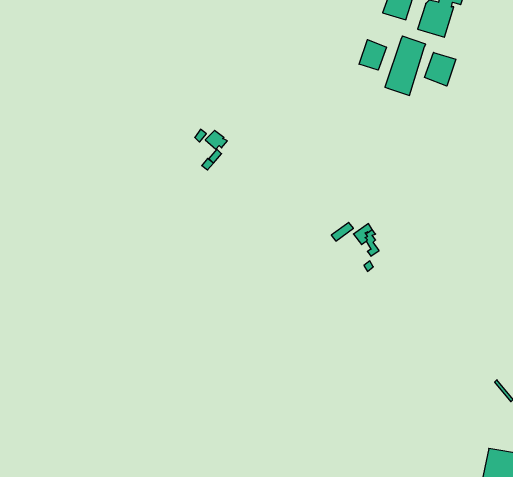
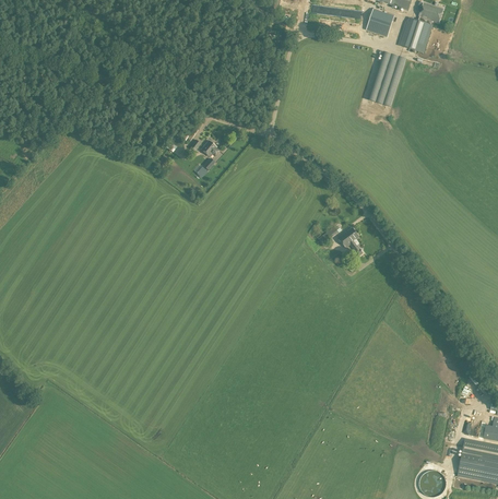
building: [359,40,386,70] -> none
building: [425,52,456,86] -> none

